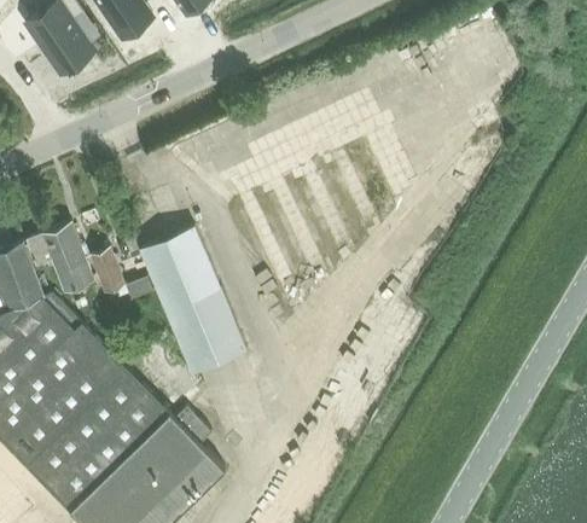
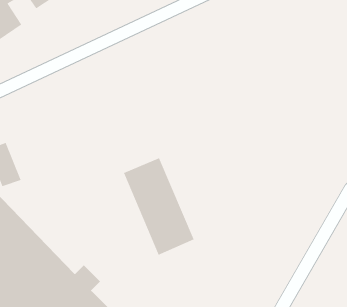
building: [140,229,246,376] -> [123,158,194,256]
building: [91,250,124,296] -> none

